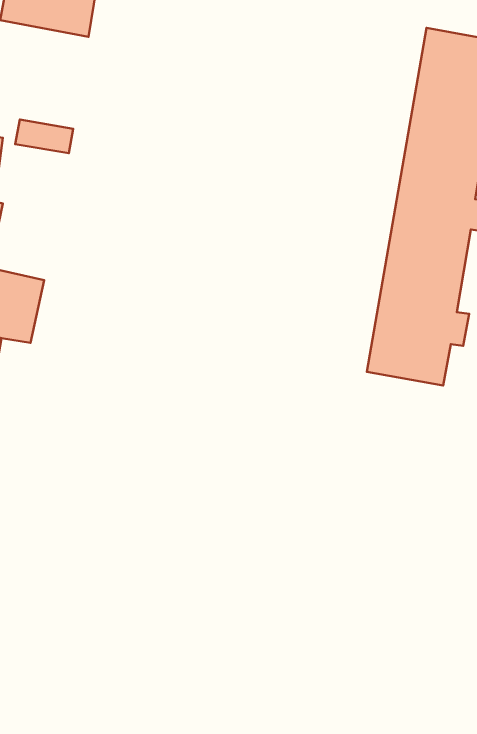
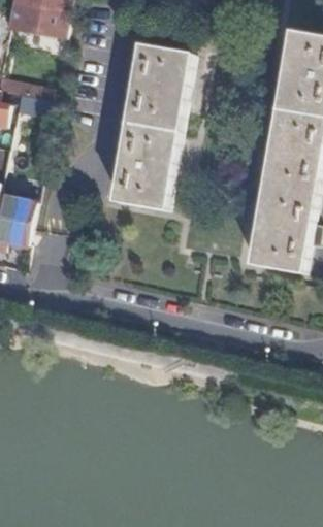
building: none -> [107,43,189,208]

